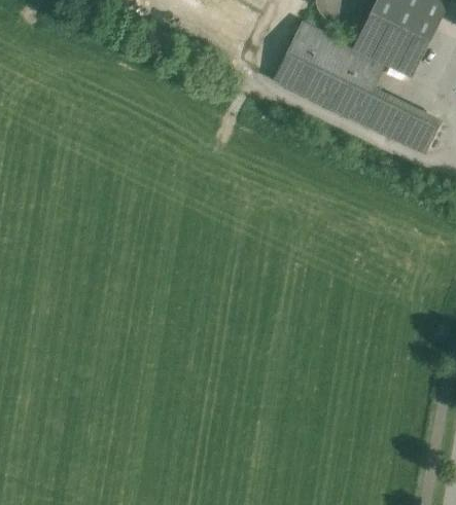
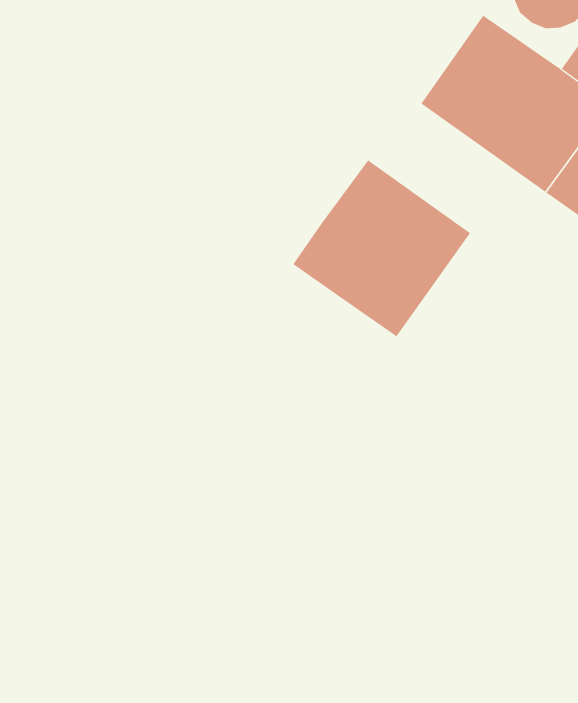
building: none -> [293,160,471,337]

